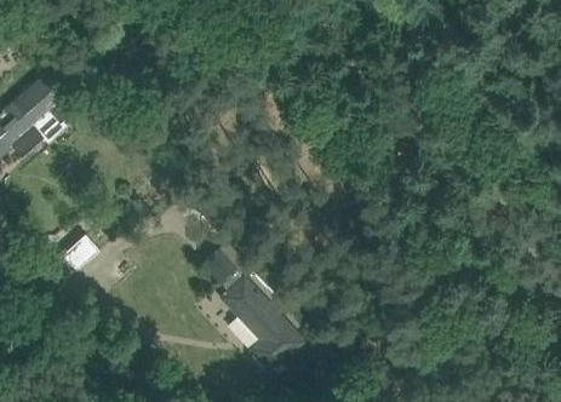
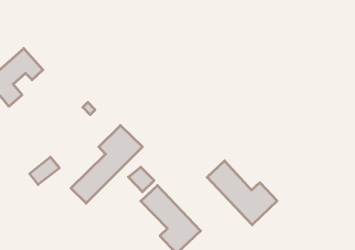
building: none -> [71,125,142,203]
building: none -> [207,161,277,225]

